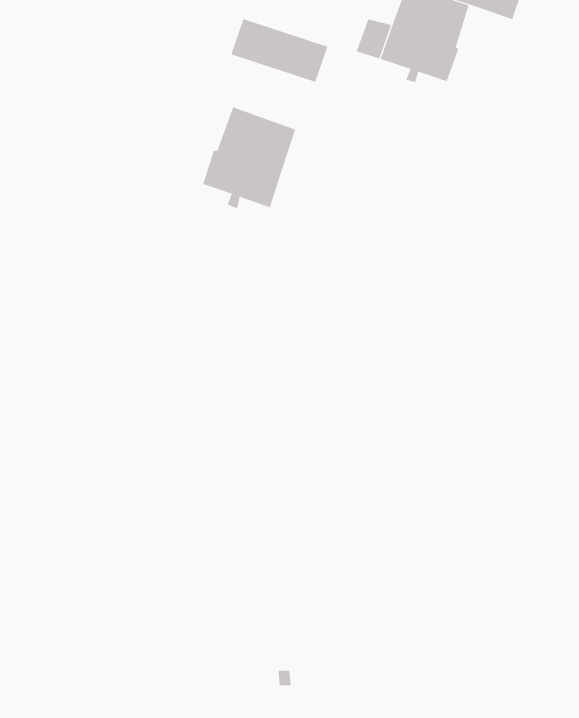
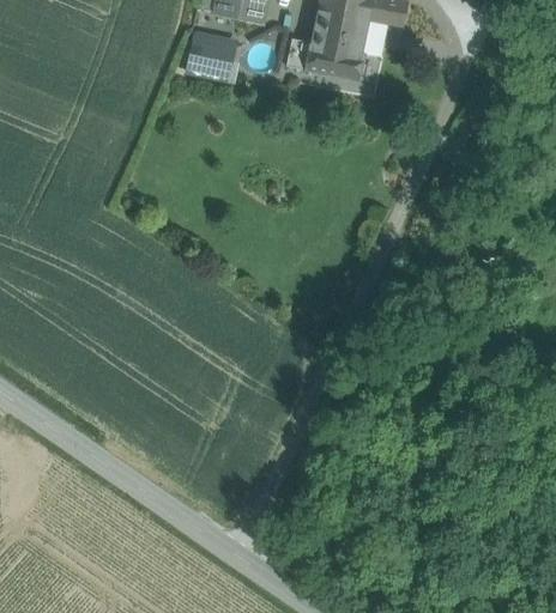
building: [203,107,296,209] -> none

